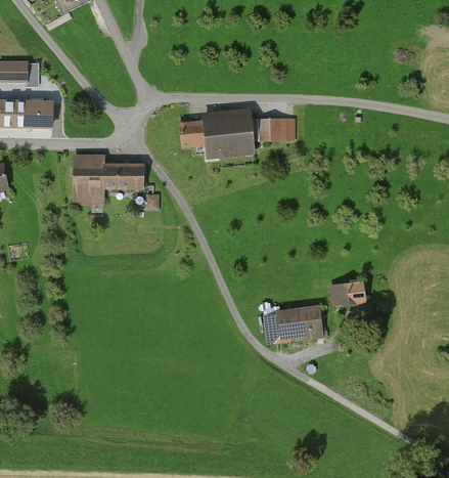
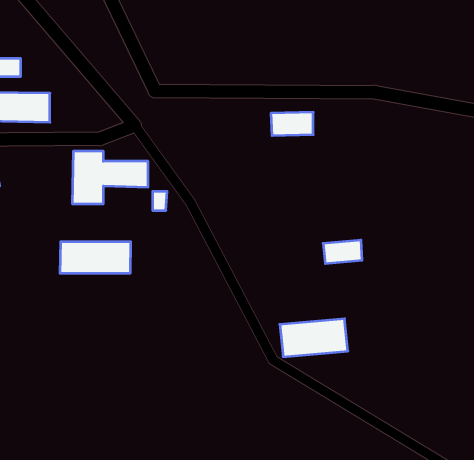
building: [181,116,255,151] -> none
building: none -> [60,242,131,273]
building: [329,281,365,303] -> [323,240,362,264]

